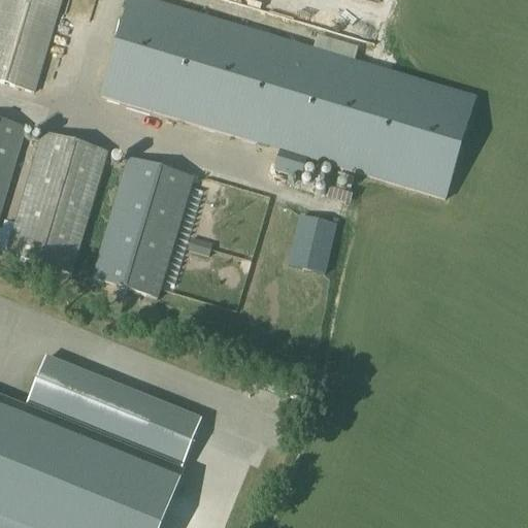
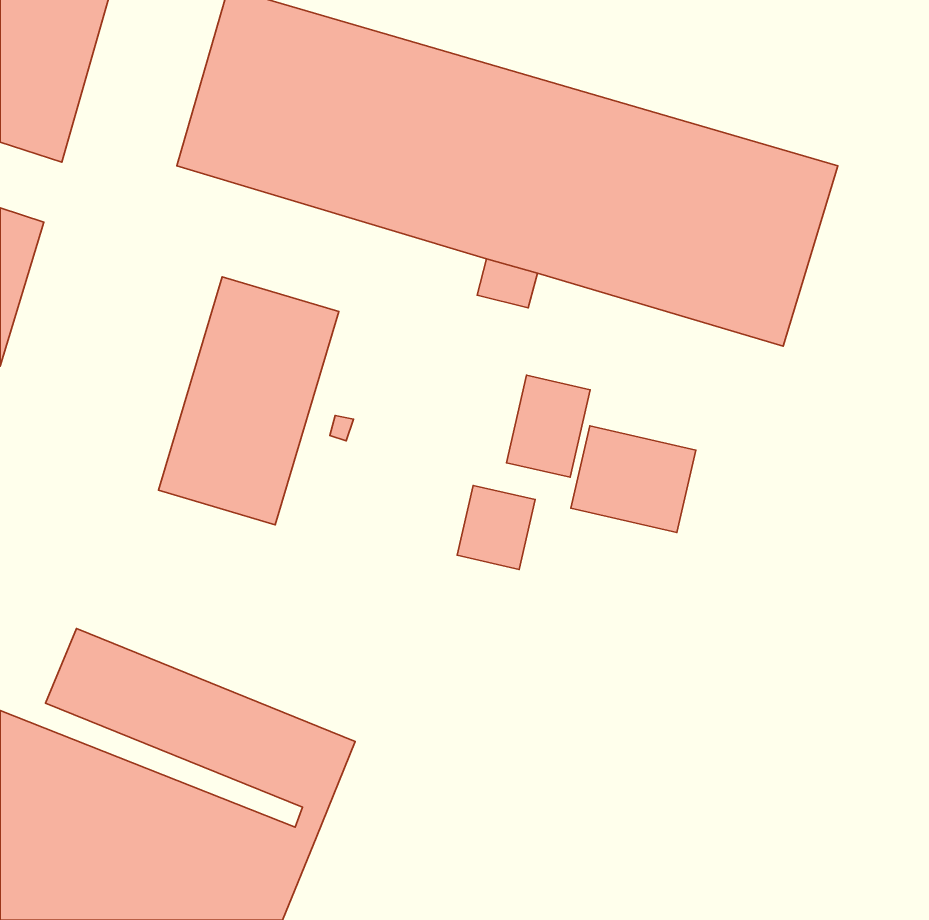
building: [6,132,107,272] -> none
building: none -> [571,426,696,532]
building: none -> [457,485,535,569]

